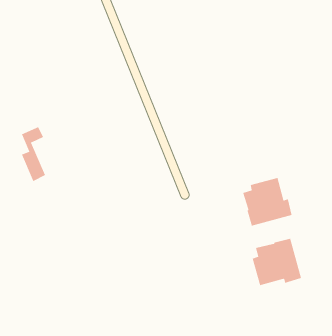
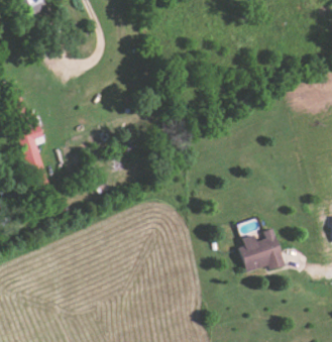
building: [242,177,292,226] -> none

